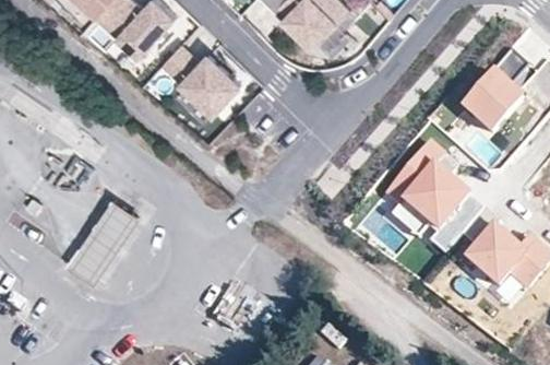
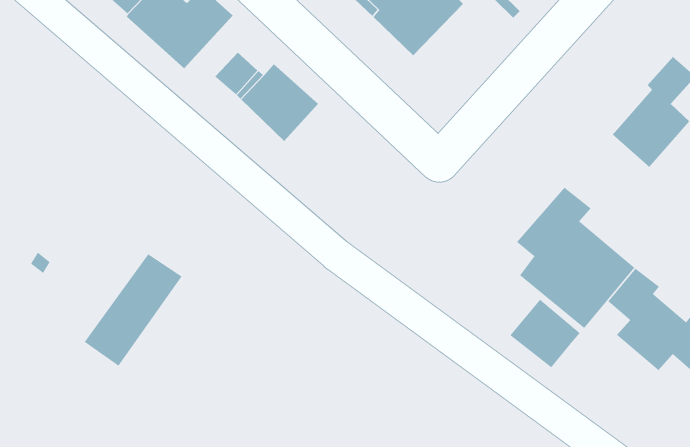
building: none -> [510,299,581,368]

